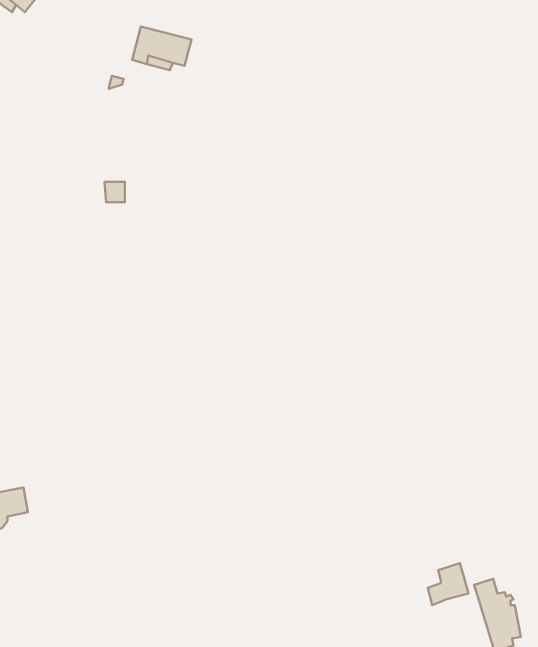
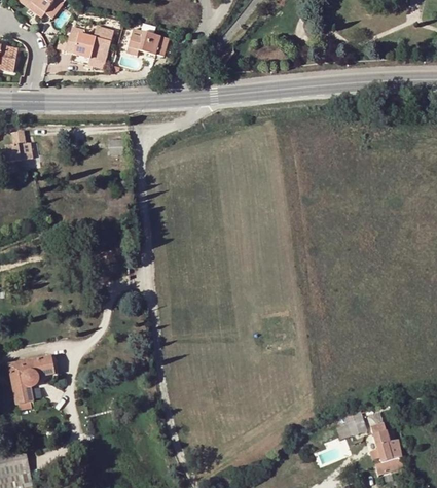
building: none -> [57,25,113,67]

